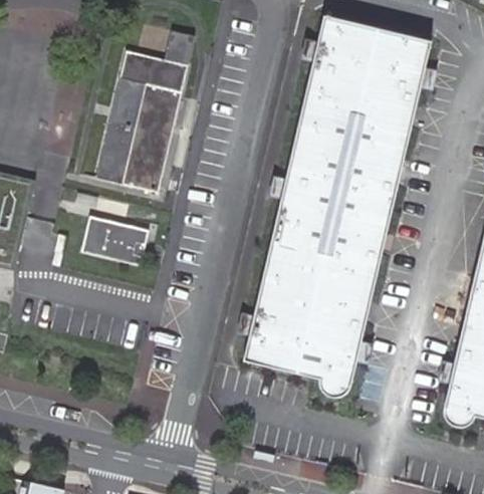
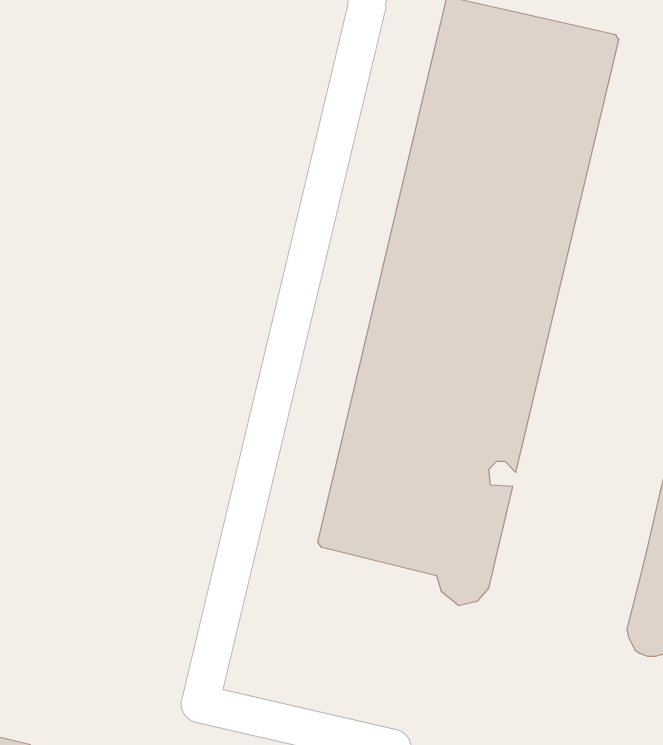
building: [89,30,193,191] -> none
building: [78,215,146,266] -> none

